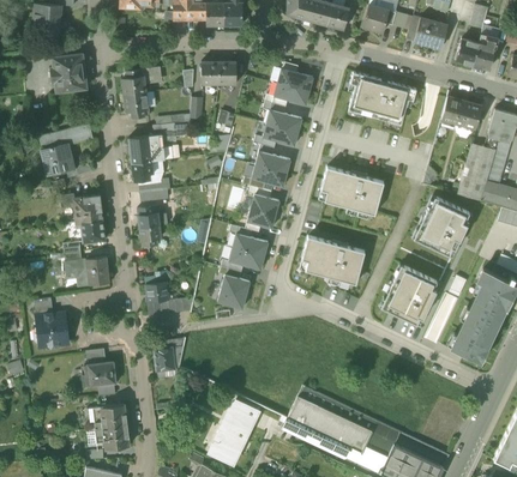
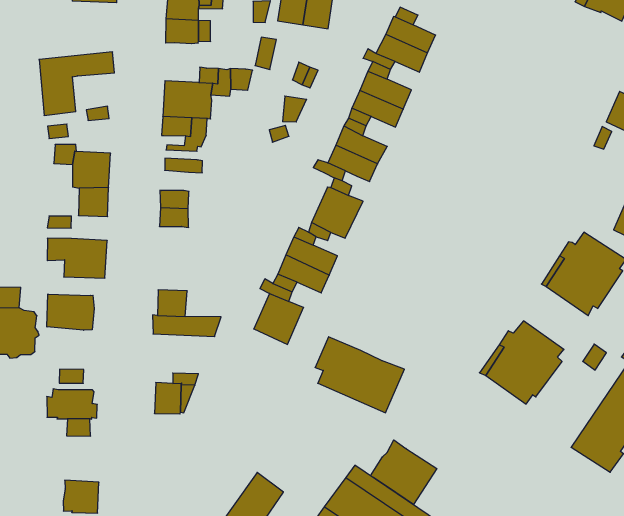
building: [348,71,416,125] -> none
building: [318,167,384,215] -> none
building: [302,236,365,283] -> [315,337,404,413]
building: none -> [47,294,94,330]
building: none -> [370,440,437,504]
building: [101,403,127,427] -> none

